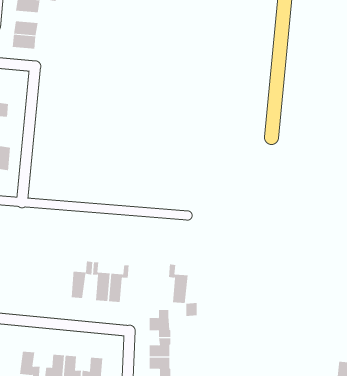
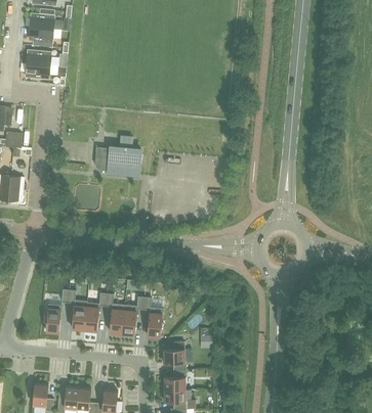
building: none -> [97,135,140,174]
building: none -> [68,288,87,328]
building: [168,264,188,303] -> [142,295,163,335]
building: none -> [43,303,61,331]

